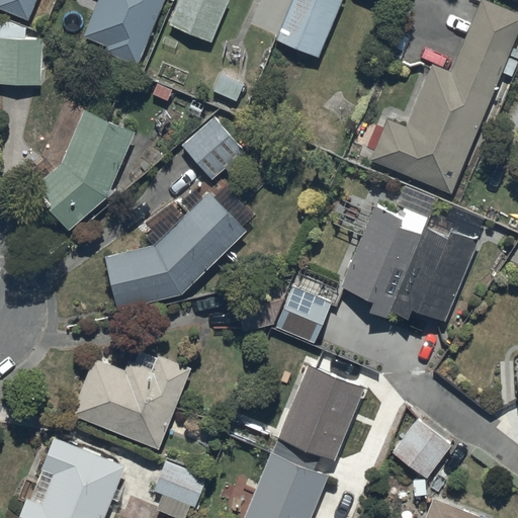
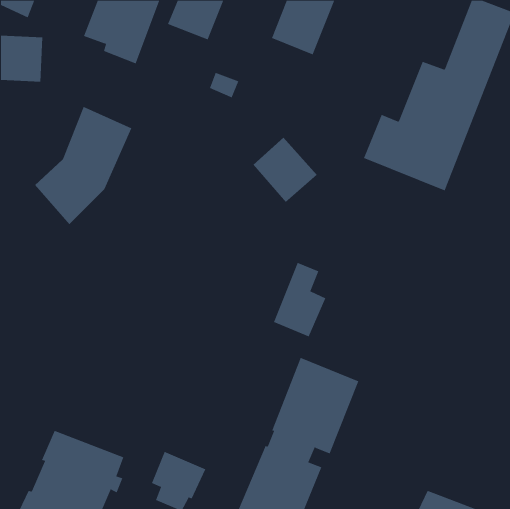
building: [182,117,248,184] -> [253,137,318,203]
building: [105,191,246,309] -> none
building: [341,206,479,323] -> none
building: [72,350,192,448] -> none
building: [392,419,453,480] -> none

